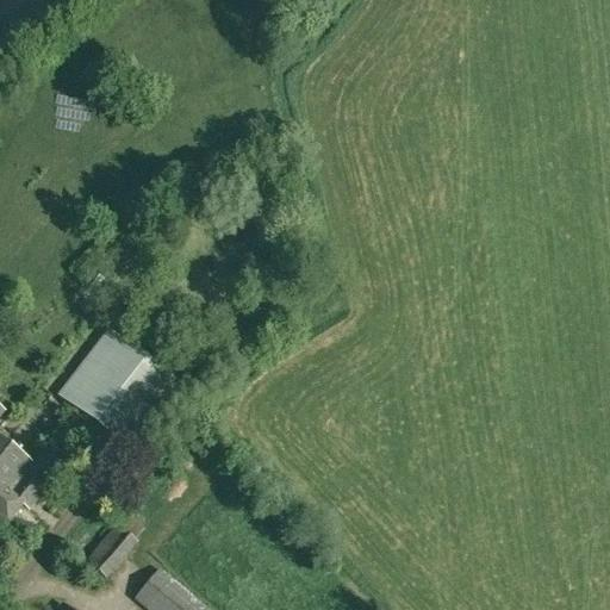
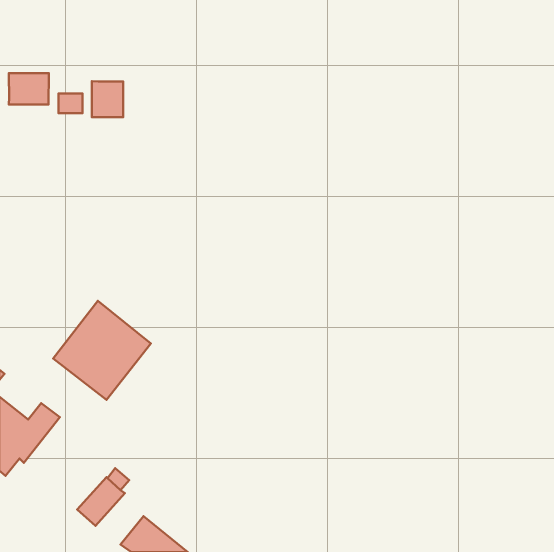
building: none -> [9,73,49,104]
building: none -> [92,81,123,117]

